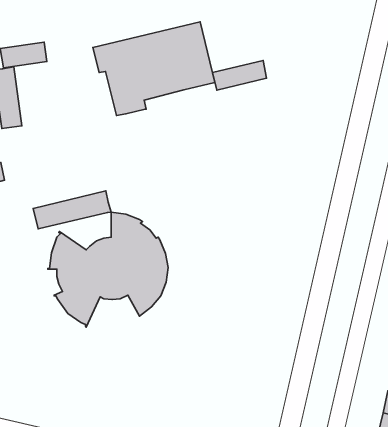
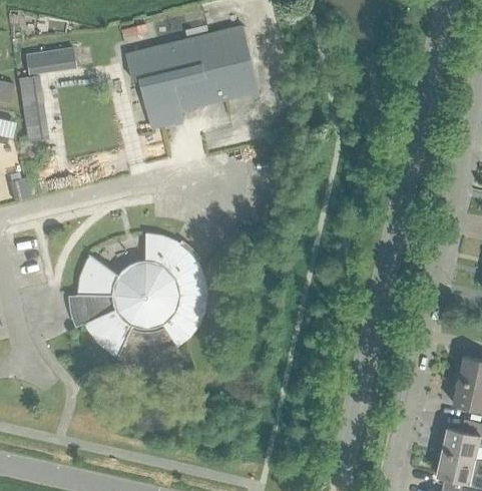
building: [213,60,267,90] -> none
building: [33,191,111,229] -> none

